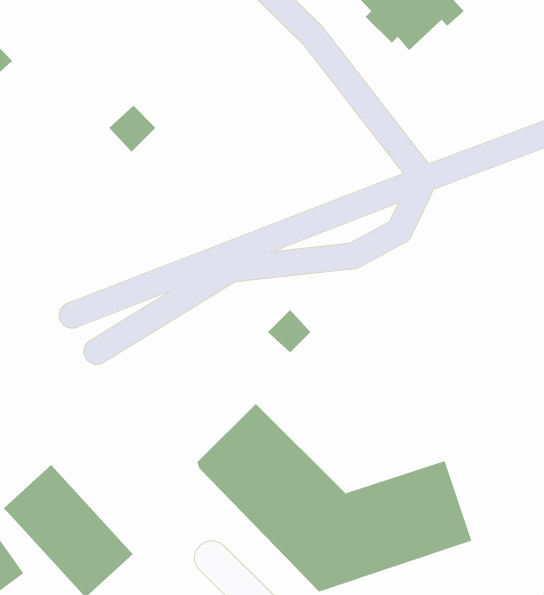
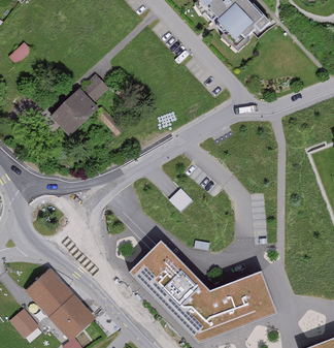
building: none -> [52,91,100,140]

